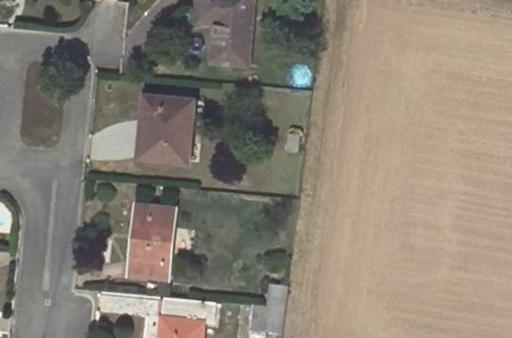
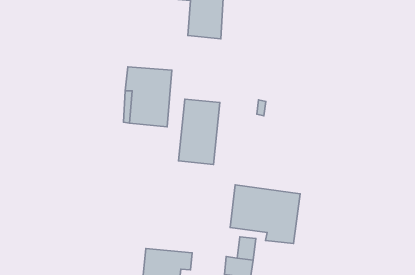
building: [129,205,175,278] -> [179,99,220,164]
building: none -> [230,185,300,243]

